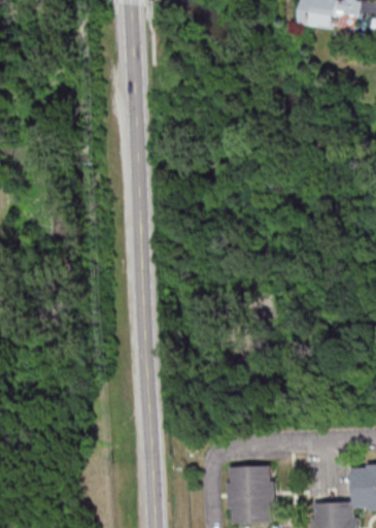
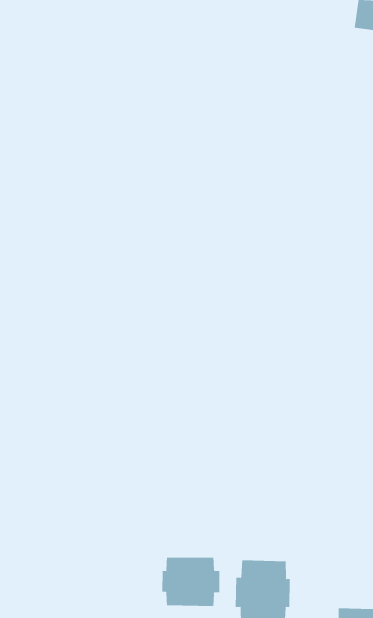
building: none -> [162,557,220,607]

